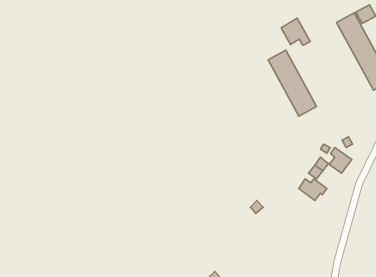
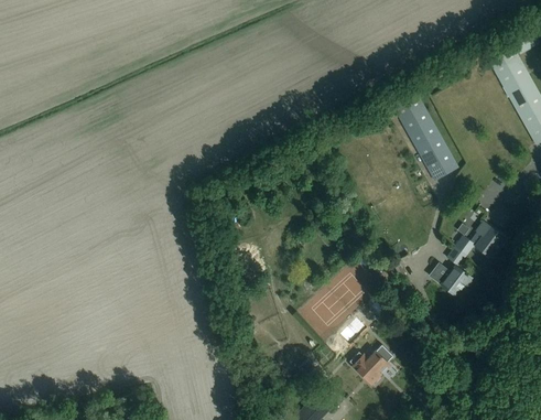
building: [281,18,310,45] -> none
building: none -> [349,345,392,384]

